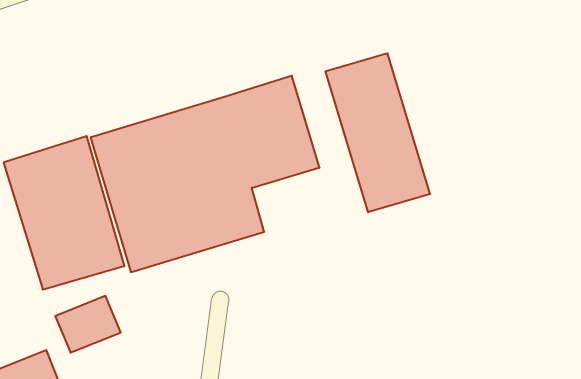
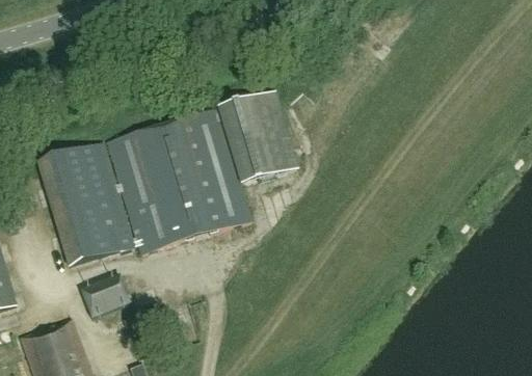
building: [326,53,430,212] -> none

